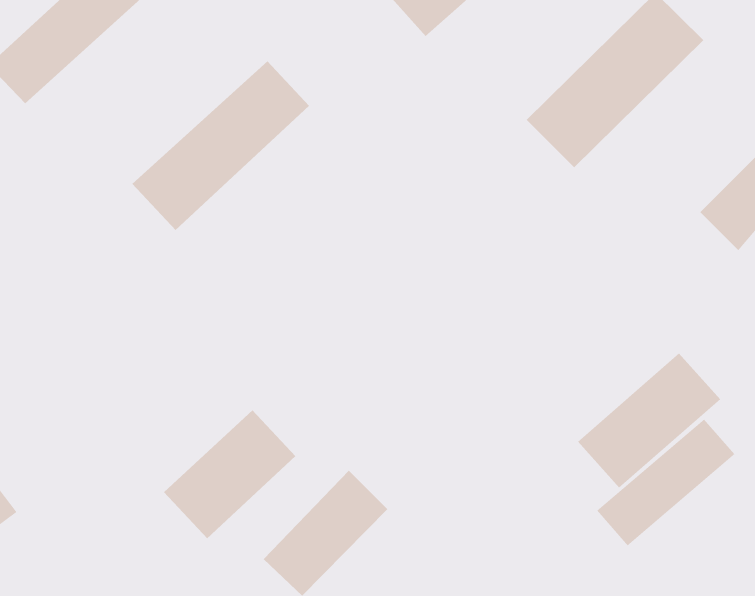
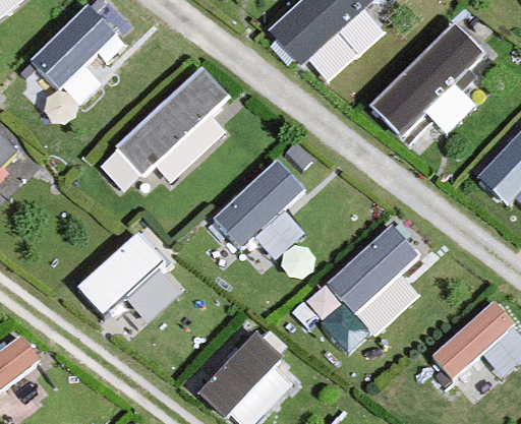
building: none -> [212,161,305,252]
building: [577,352,721,488] -> [326,228,419,316]
building: [163,409,296,539] -> [78,234,165,318]

